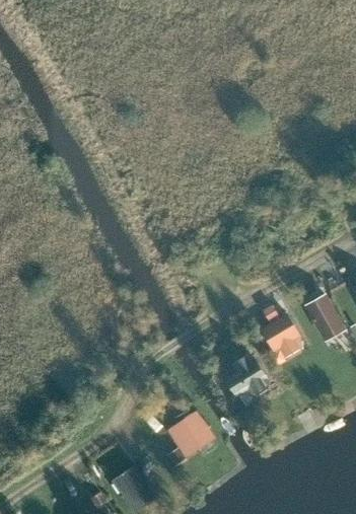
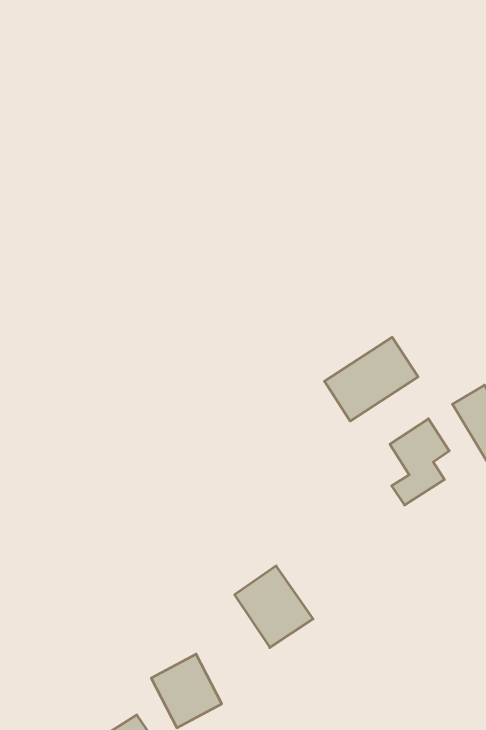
building: none -> [324,337,418,421]
building: [227,353,273,407] -> none

